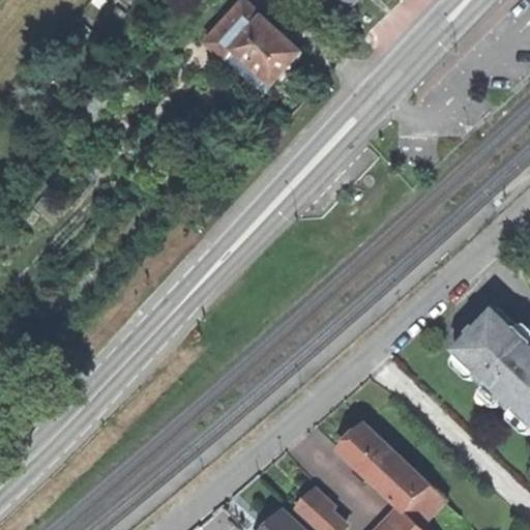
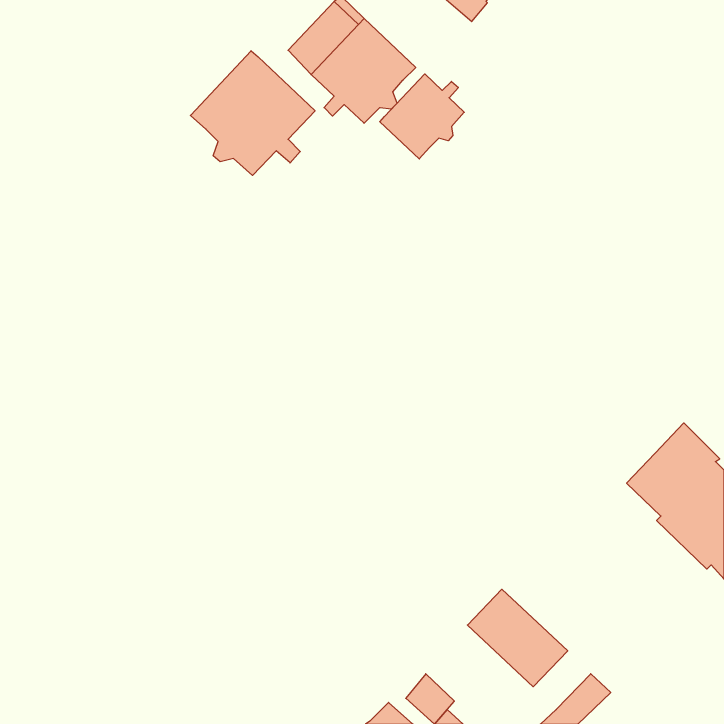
building: none -> [190,51,315,175]
building: none -> [380,74,464,159]
building: [385,470,426,512] -> none

